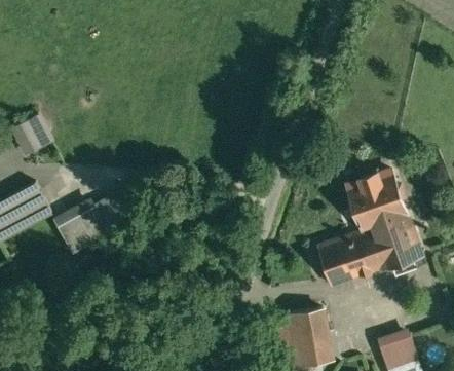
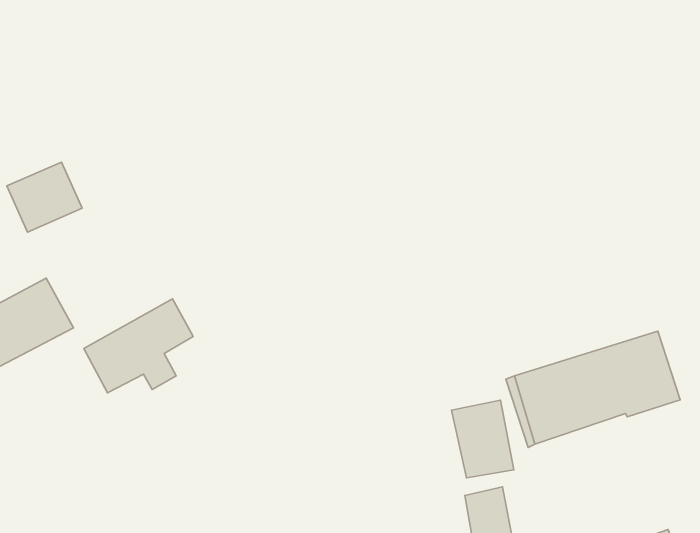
building: [346,170,406,228] -> none
building: none -> [452,400,514,478]

